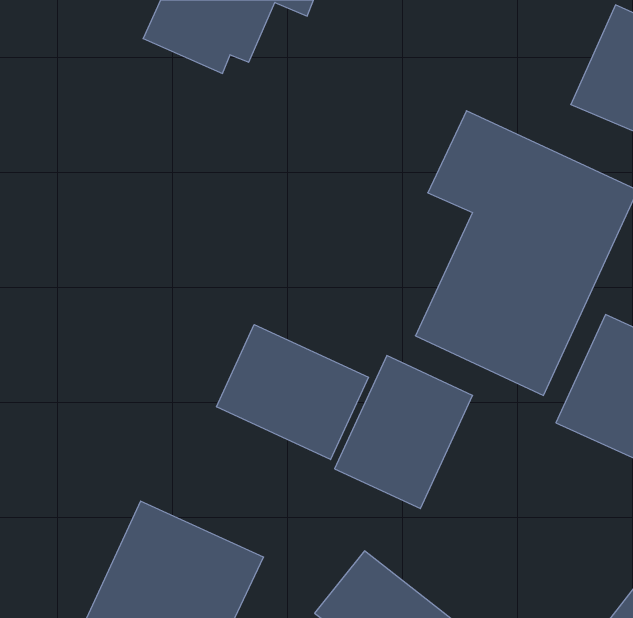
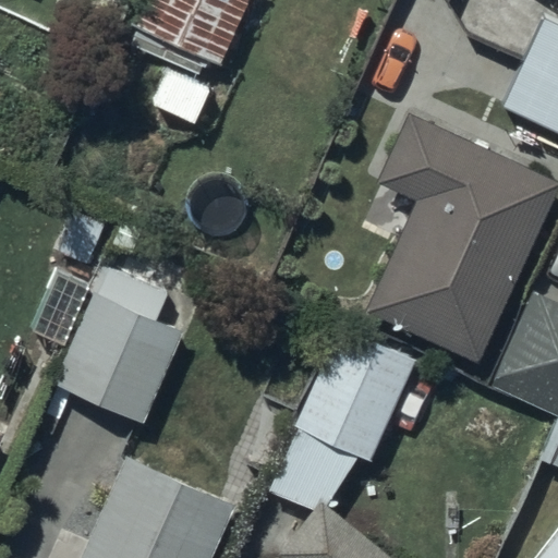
building: none -> [53,269,183,425]
building: [217,325,368,460] -> none

